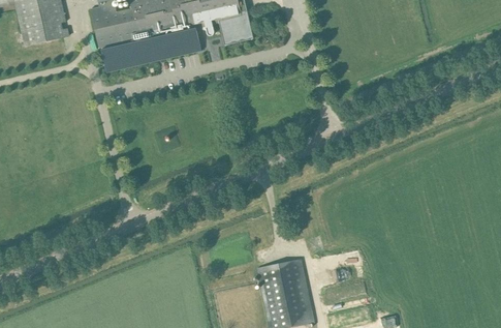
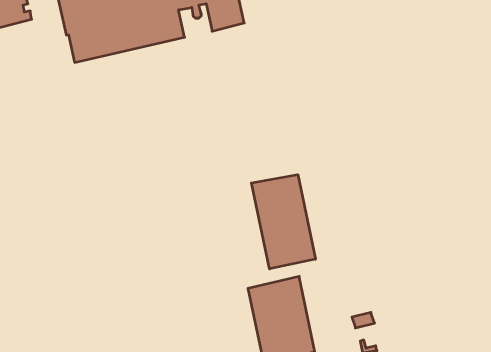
building: none -> [251,175,315,269]

